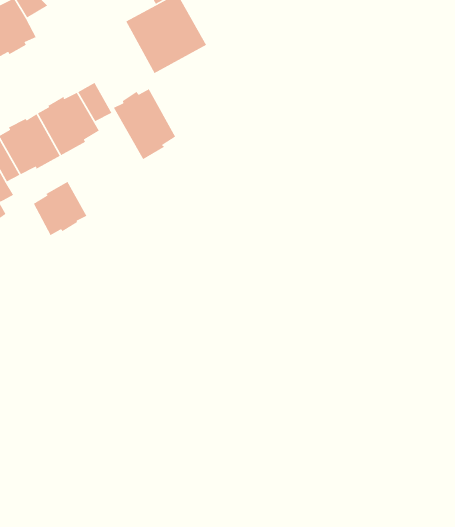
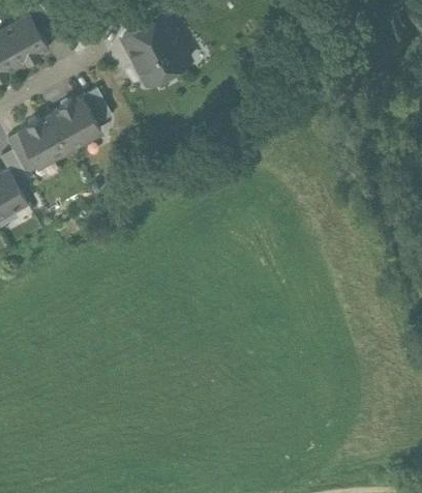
building: [113,88,176,160] -> none
building: [33,181,87,236] -> none

